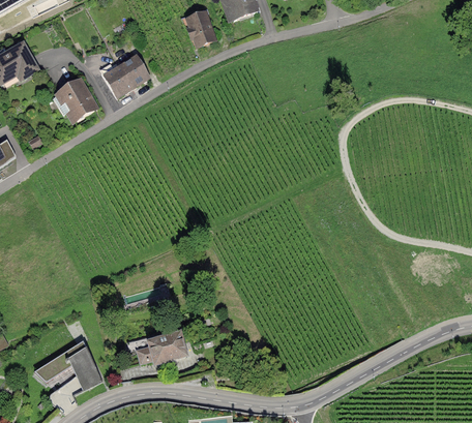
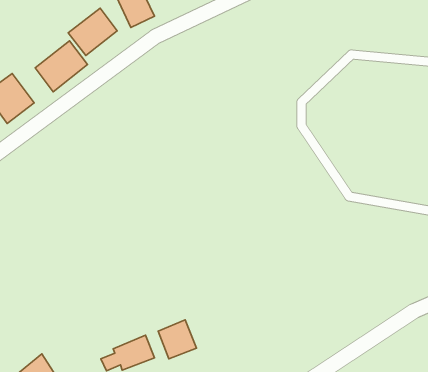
building: none -> [68,8,117,56]
building: none -> [158,320,196,359]

